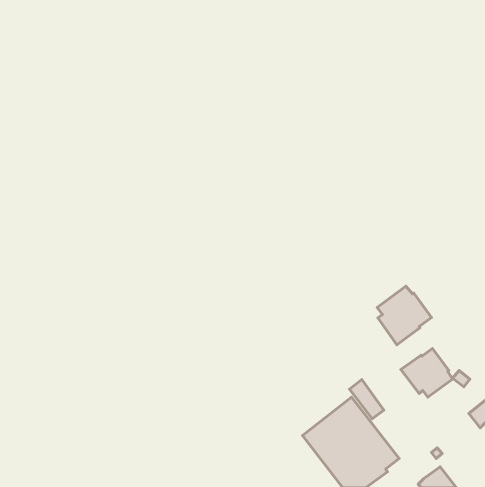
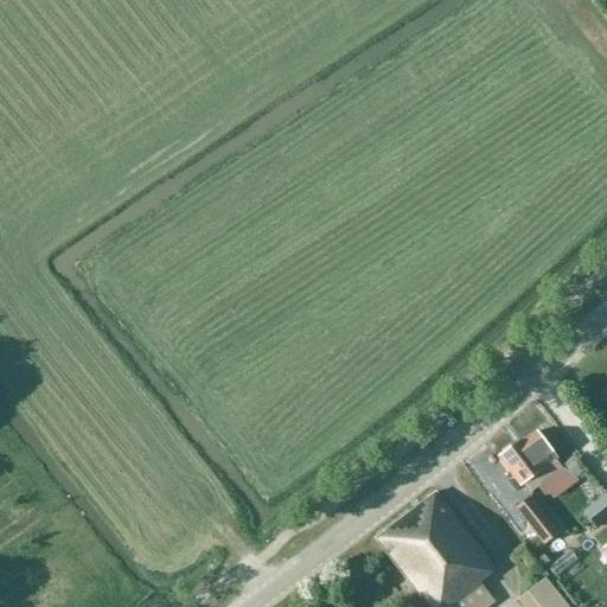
building: [377,286,431,345] -> none
building: [349,380,384,419] -> [519,499,562,548]

